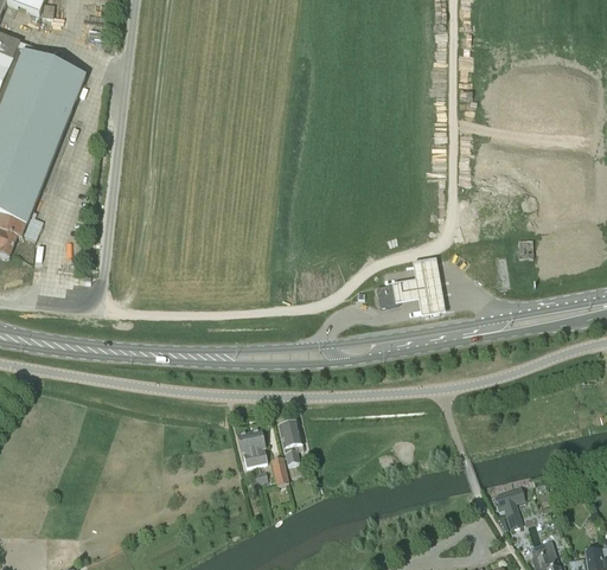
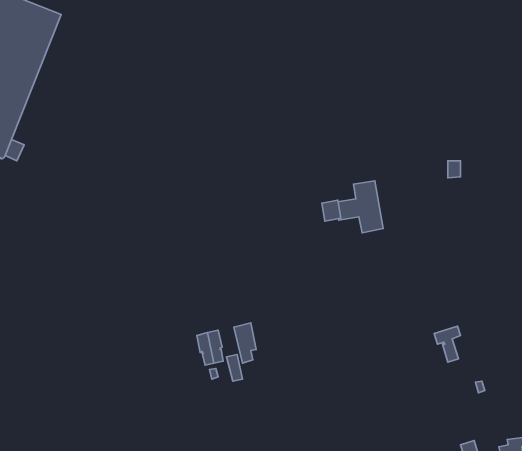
building: [496,487,525,527] -> [434,326,461,362]

